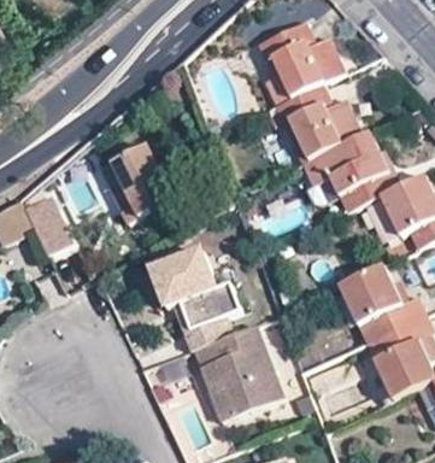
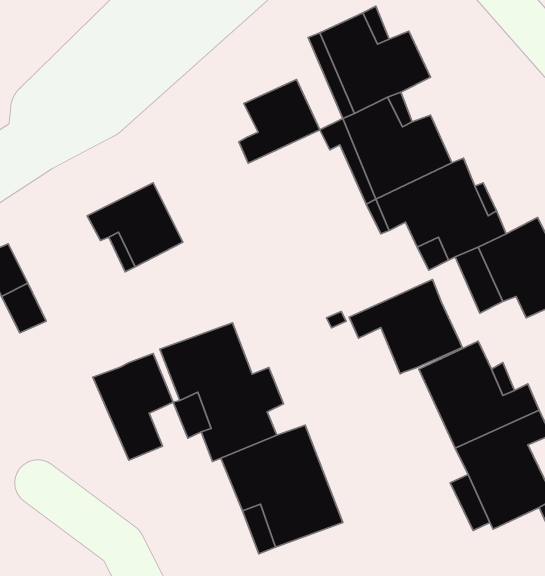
building: none -> [239,80,320,163]
building: none -> [349,280,462,374]
building: none -> [93,354,173,460]

